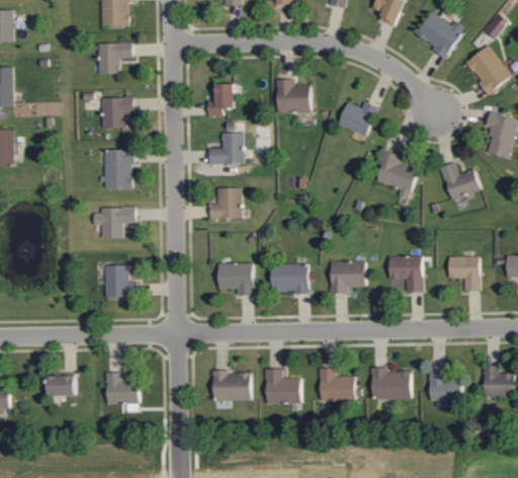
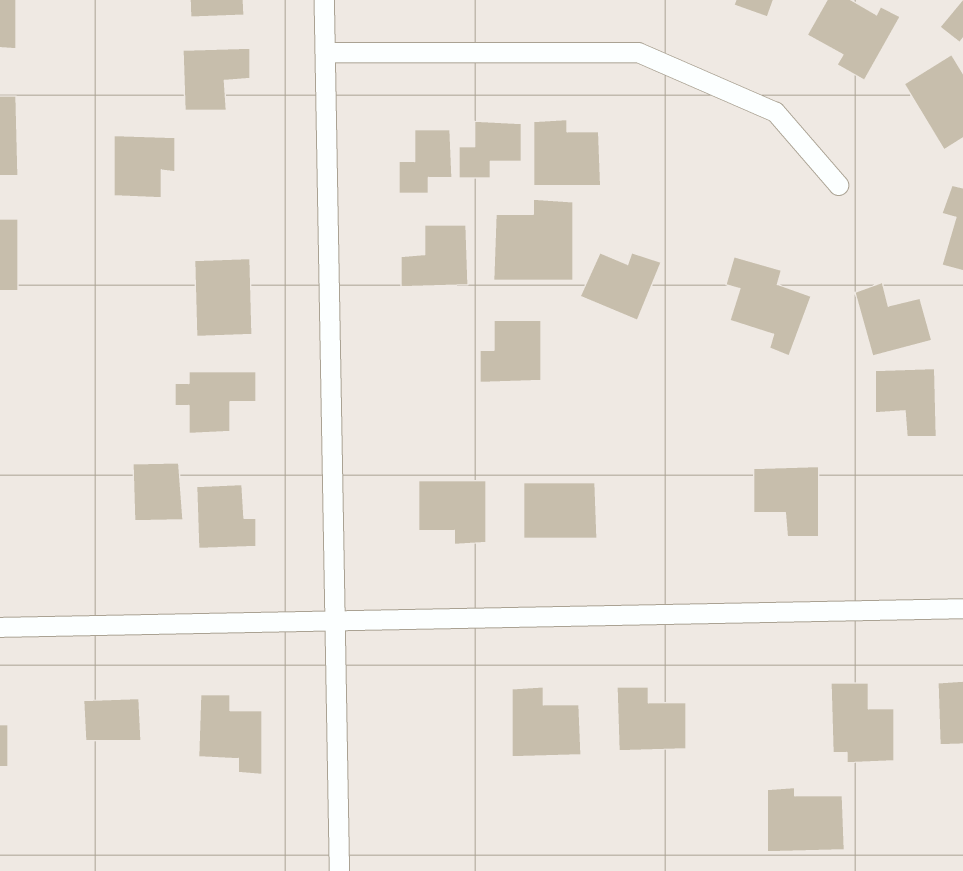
building: none -> [459,121,521,178]
building: [101,97,133,129] -> [114,136,175,197]
building: [337,102,378,137] -> [580,253,661,320]
building: none -> [494,199,573,281]
building: [209,188,241,220] -> [480,321,541,382]
building: none -> [133,463,183,521]
building: [448,256,480,291] -> [875,369,937,436]
building: [330,261,365,294] -> none
building: [371,368,411,400] -> [767,788,844,851]
building: [212,372,250,401] -> none

